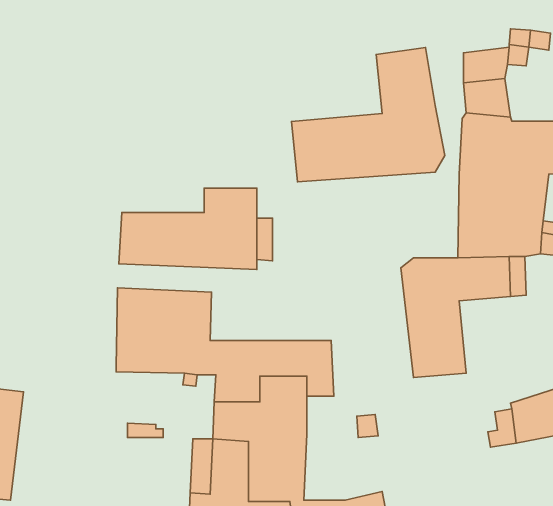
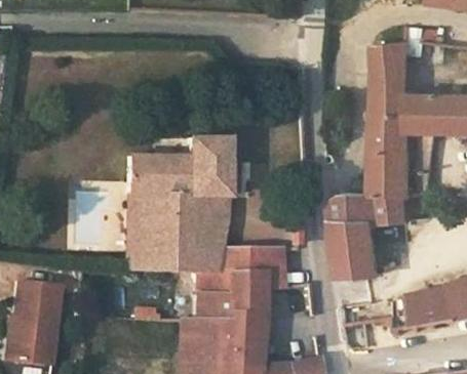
building: [291,47,445,182] -> none
building: none -> [126,195,227,250]

